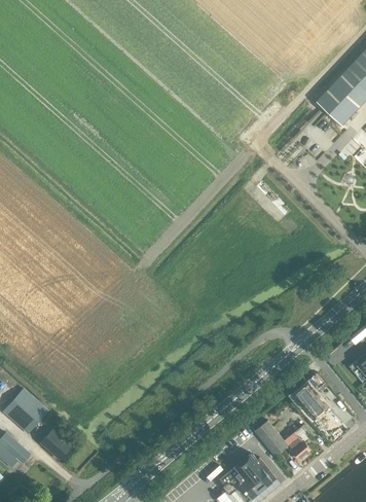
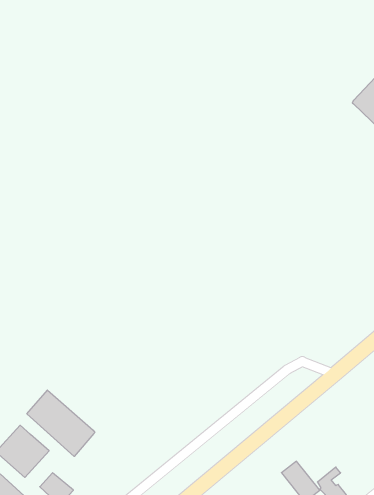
building: none -> [27,390,95,456]
building: [294,383,329,419] -> none

